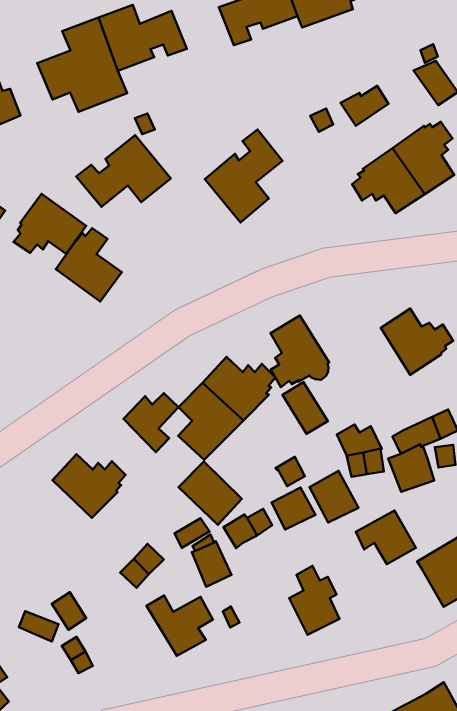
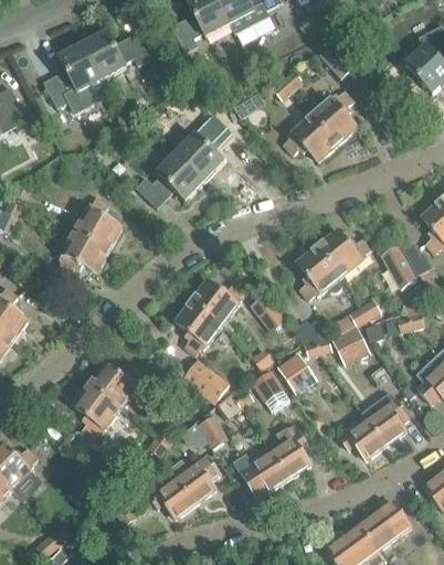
building: [76,135,171,207] -> [135,152,204,207]
building: [13,194,86,254] -> [56,231,108,275]
building: [271,315,329,387] -> [296,246,341,300]
building: [124,393,179,452] -> none
building: none -> [72,385,120,439]
building: [356,511,416,564] -> [340,419,385,459]
building: none -> [233,451,288,498]
building: none -> [151,469,194,519]

